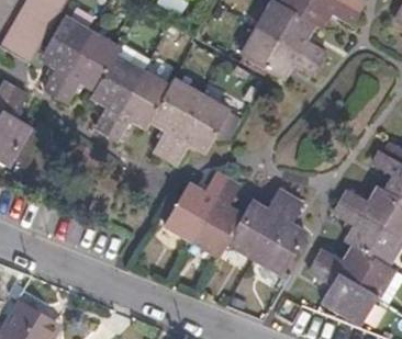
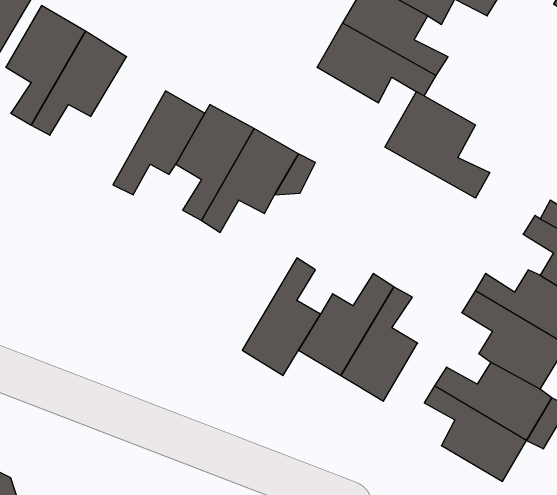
building: [92,43,150,132] -> none
building: none -> [385,92,490,198]
building: [165,172,228,238] -> none

